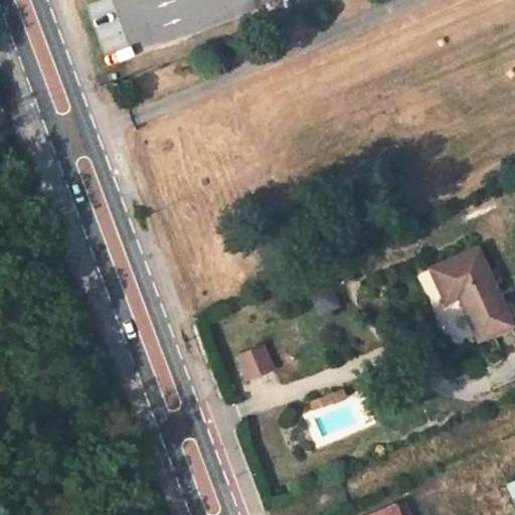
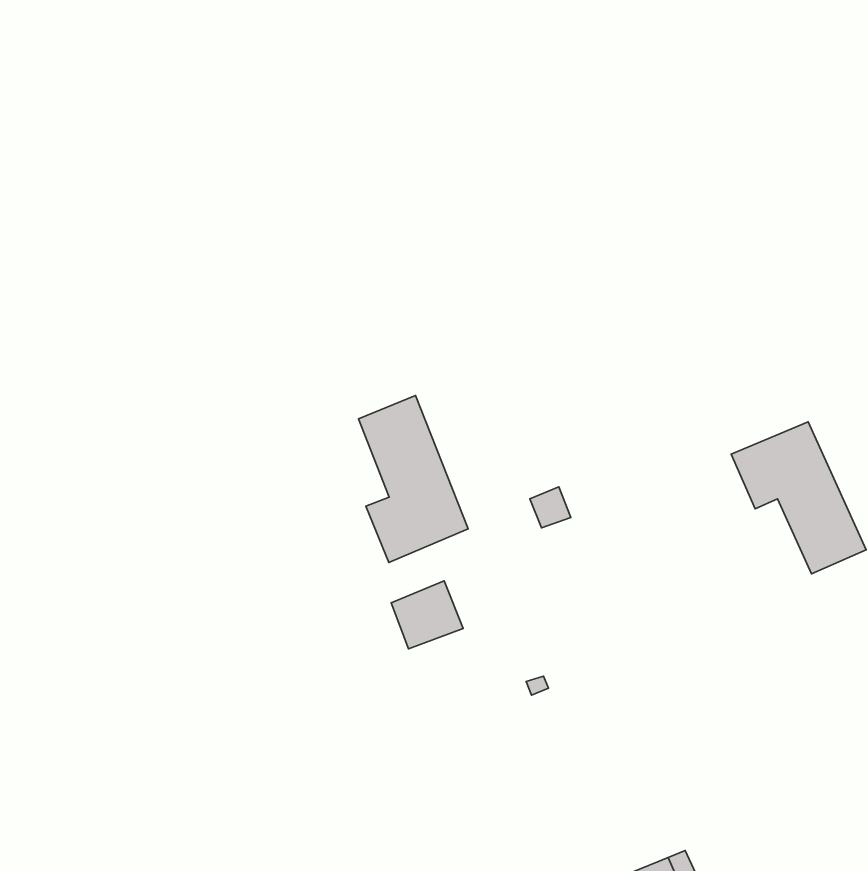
building: none -> [359,396,468,562]

